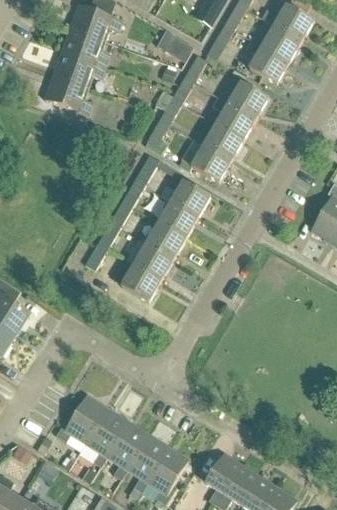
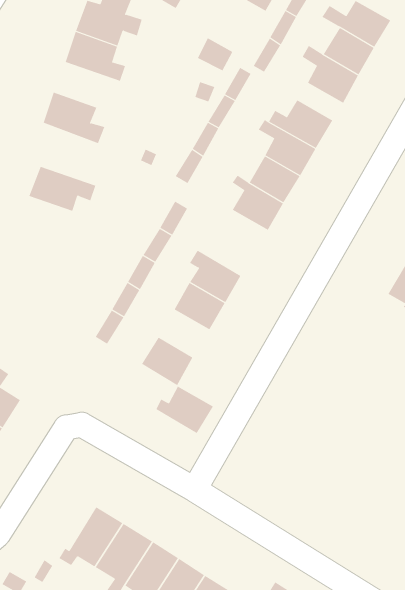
building: [53,52,105,87] -> [29,166,96,212]
building: [164,180,211,217] -> none
building: [129,243,174,280] -> [156,386,214,434]

